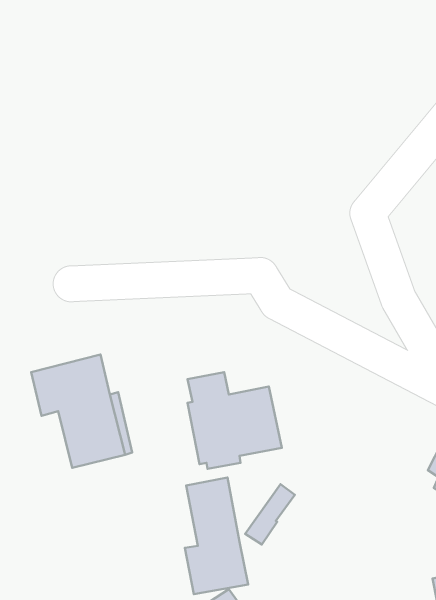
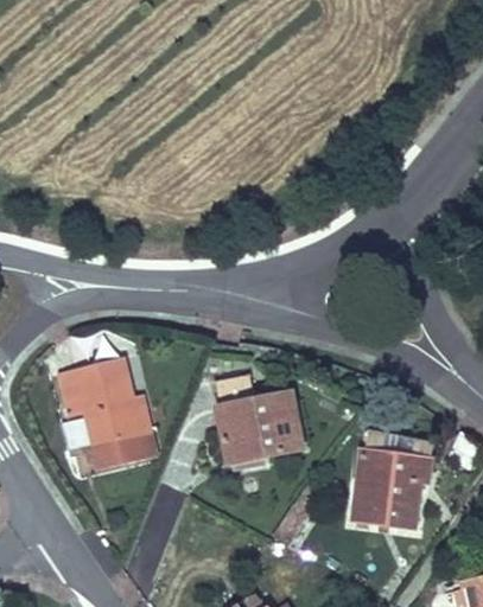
building: none -> [349,430,434,533]
building: [185,477,248,594] -> none

